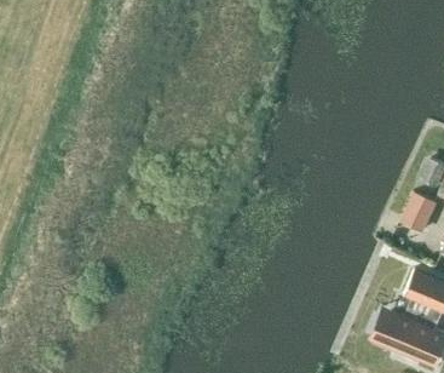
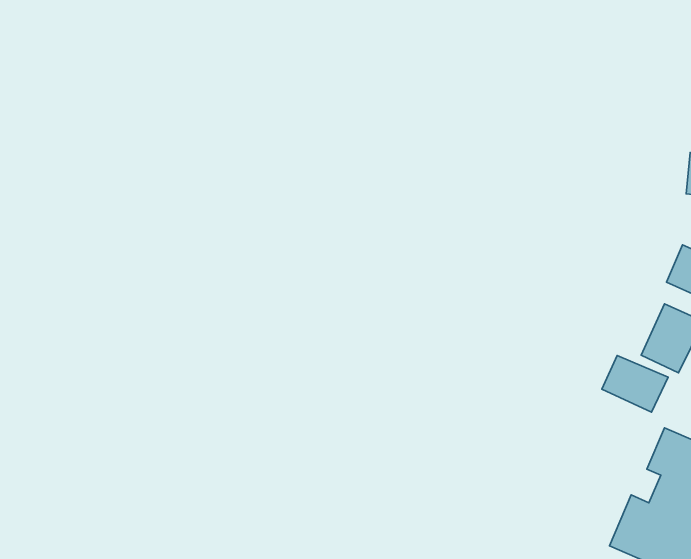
building: none -> [602,355,668,412]

